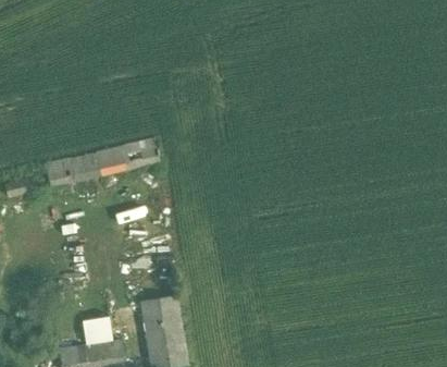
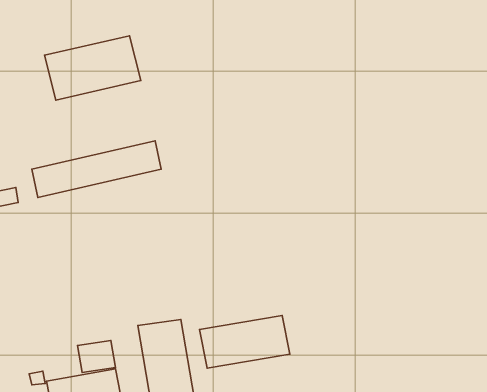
building: none -> [44,36,141,100]
building: none -> [199,316,290,368]

